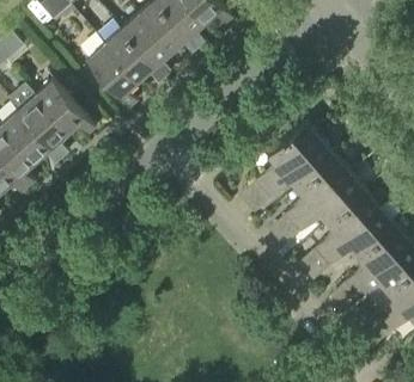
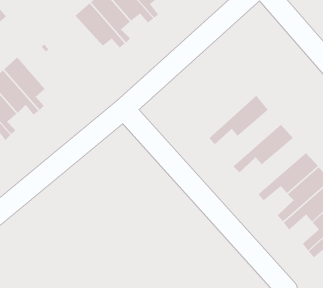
building: [87,44,138,109] -> none
building: [36,79,97,134] -> none
building: [255,122,321,190] -> none
building: [285,156,349,223] -> none
building: [315,190,379,257] -> none

